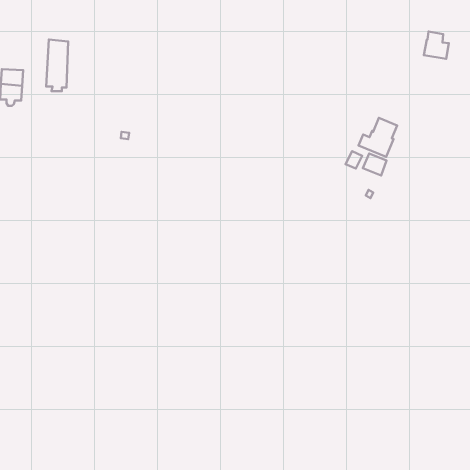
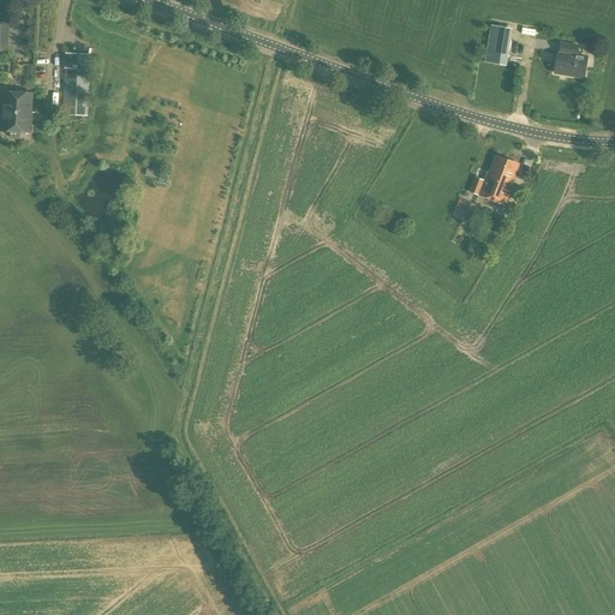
building: none -> [483,24,510,64]
building: [363,154,386,176] -> none

